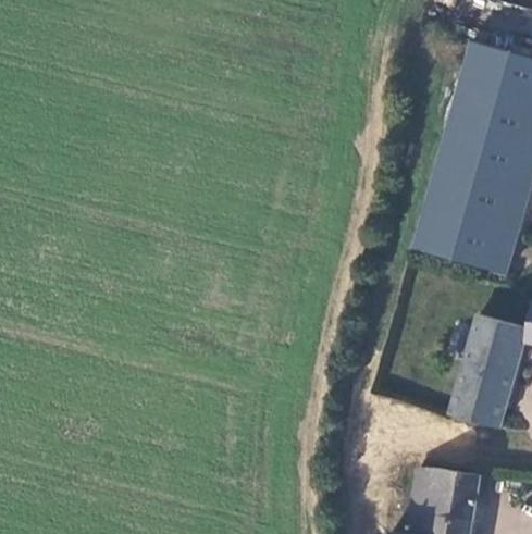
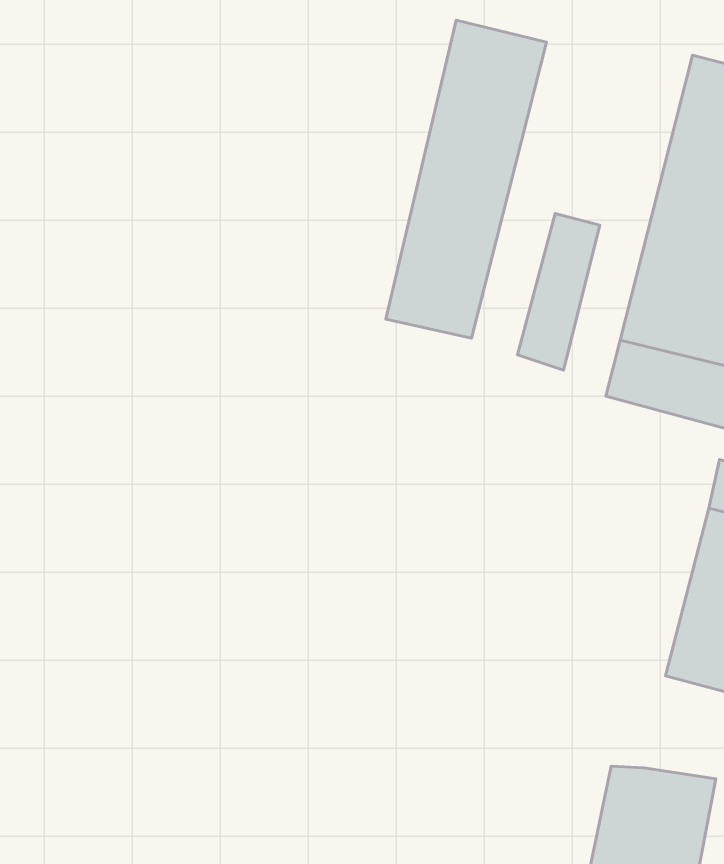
building: none -> [386,20,546,338]
building: none -> [517,214,600,370]

